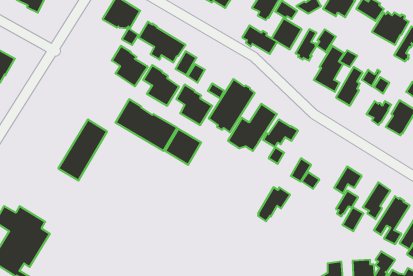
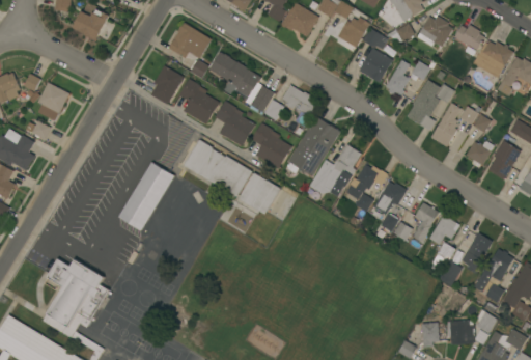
building: [242,25,277,54] -> [282,85,322,117]
building: none -> [151,65,184,105]
building: none -> [413,202,439,242]
building: [258,187,290,221] -> [371,182,408,220]

